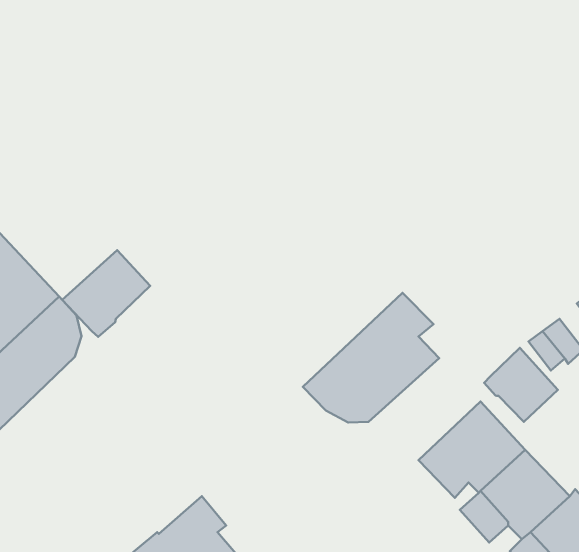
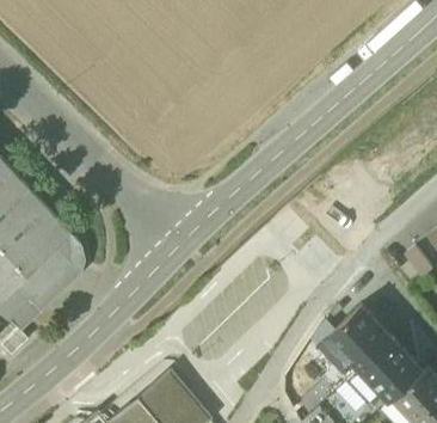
building: [62,250,150,337] -> none
building: [303,293,439,422] -> none
building: [484,348,558,422] -> none

